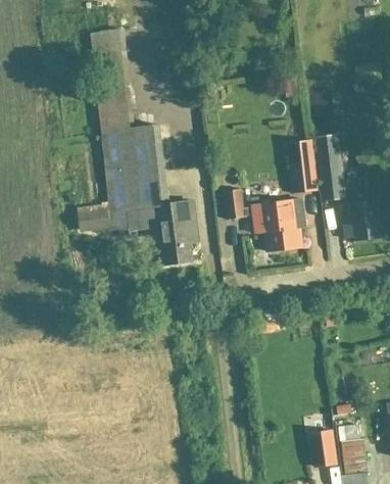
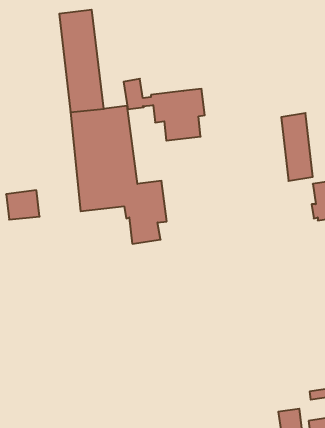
building: [286,140,316,192] -> none
building: [224,188,305,250] -> [124,79,205,141]
building: [78,200,111,230] -> [6,190,40,220]

